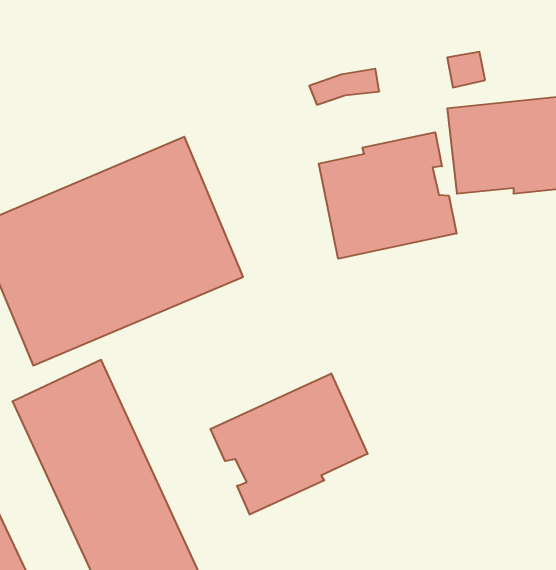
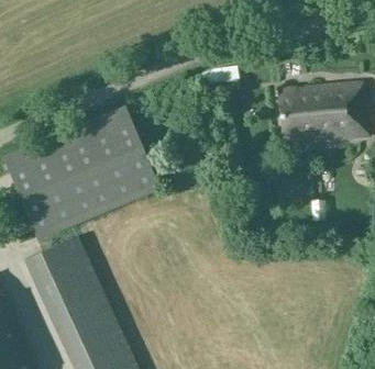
building: [319,132,457,259] -> none
building: [210,373,368,515] -> none

